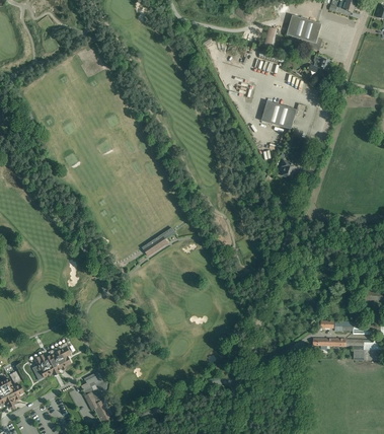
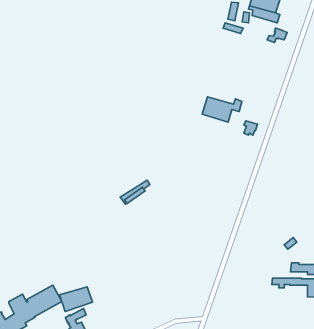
building: [260,99,305,128] -> [202,97,242,122]
building: none -> [60,287,93,311]

